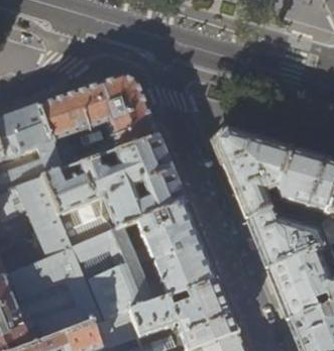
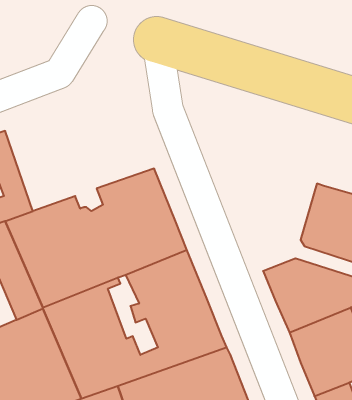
building: [37,79,157,173] -> none
building: [213,131,289,222] -> none

